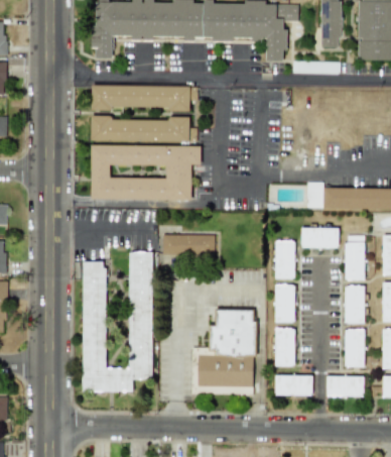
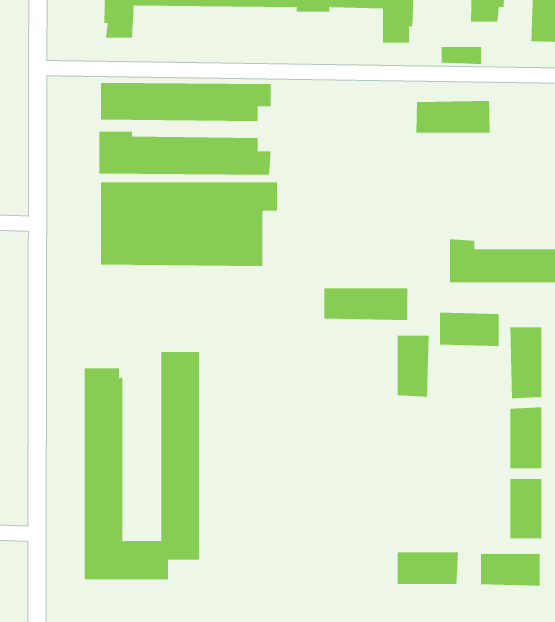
building: none -> [416,100,490,134]
building: [162,235,215,255] -> [323,288,408,320]
building: [275,284,295,322] -> none
building: [198,310,255,394] -> none
building: [275,328,295,366] -> none

